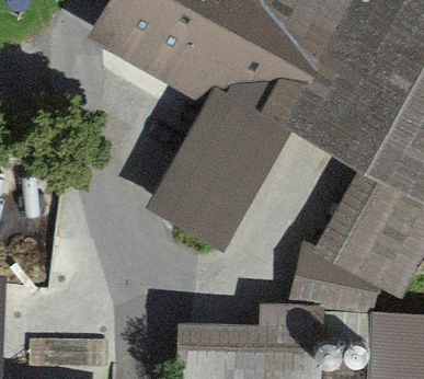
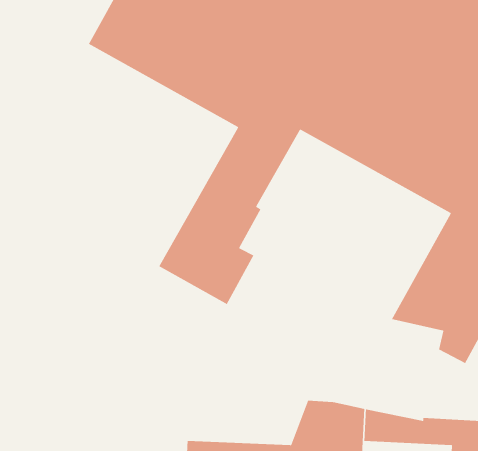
building: [296,239,379,322] -> none

